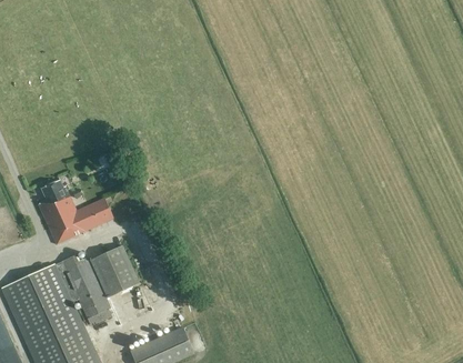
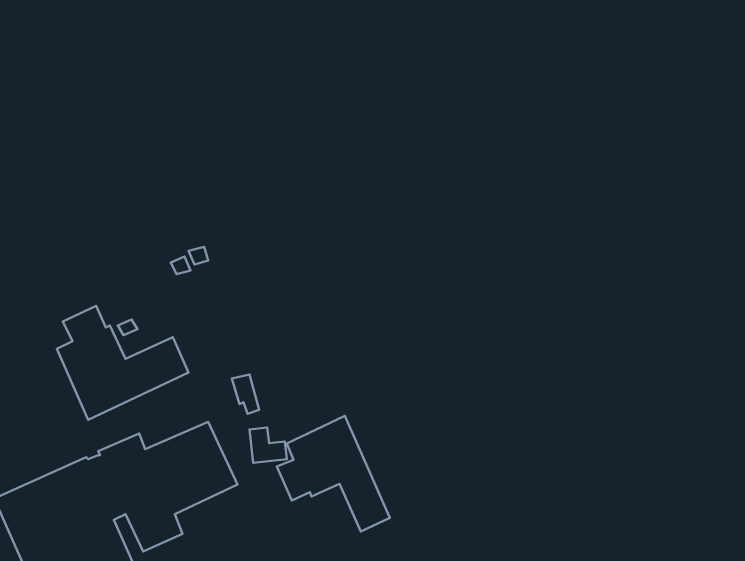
building: none -> [277,416,390,532]

